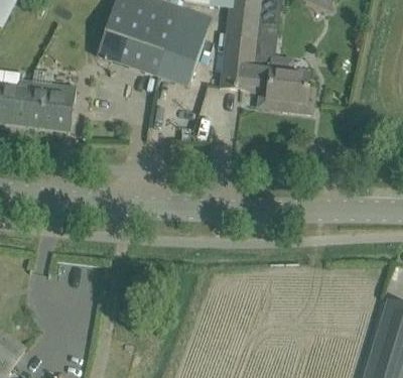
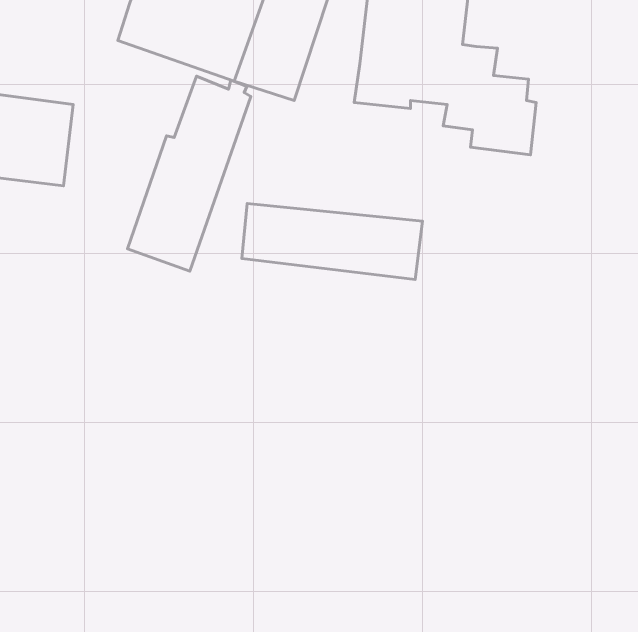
building: none -> [128,76,251,271]
building: none -> [242,203,423,280]

